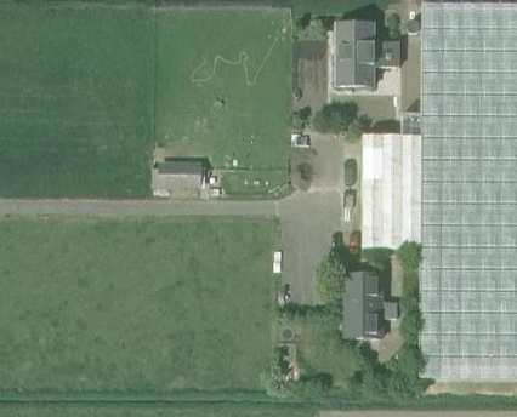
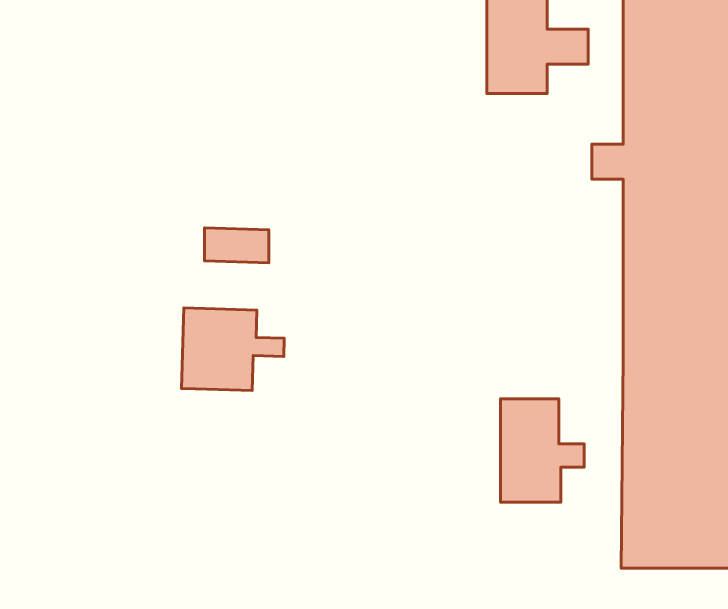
building: [363,133,421,245] -> none
building: none -> [181,308,284,391]

